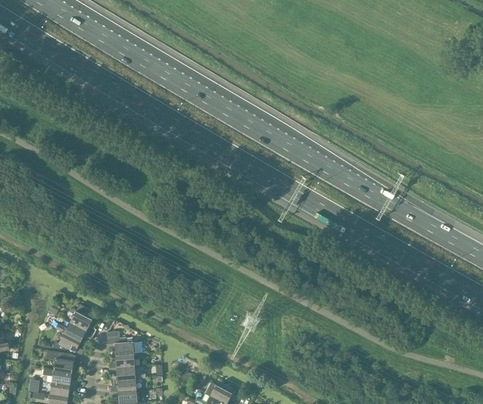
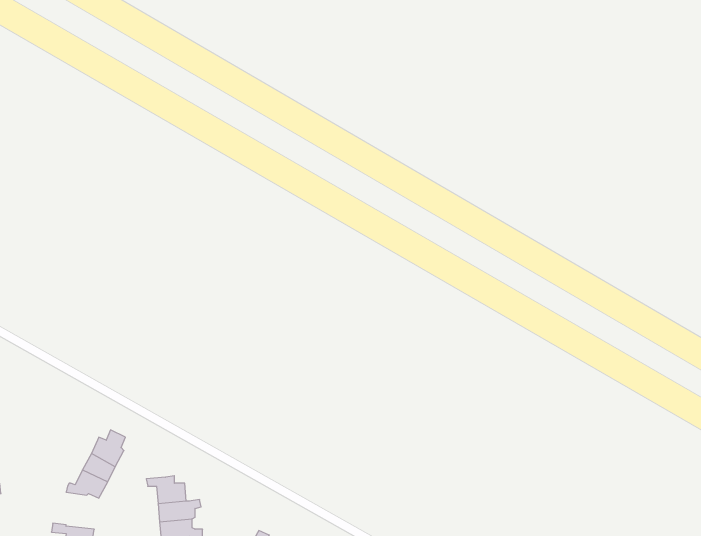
building: [45,350,76,373] -> none

